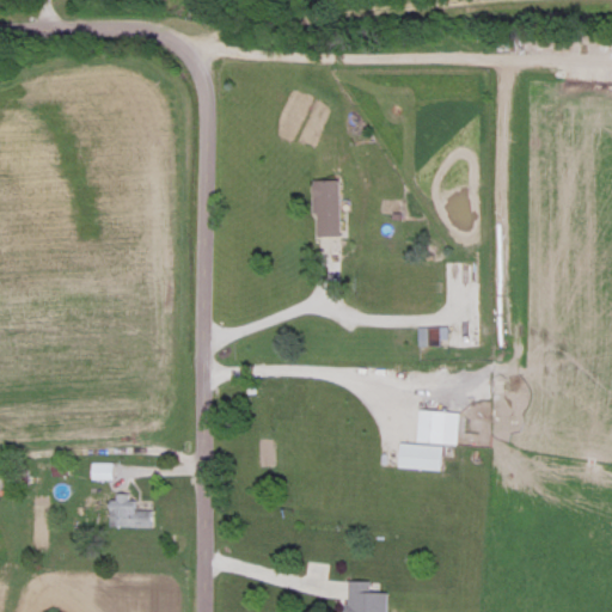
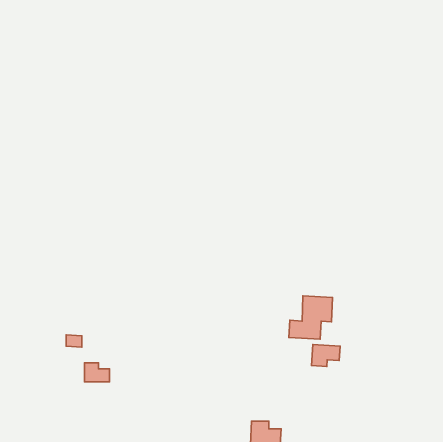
building: [313,180,338,238] -> none
building: none -> [312,345,340,366]

